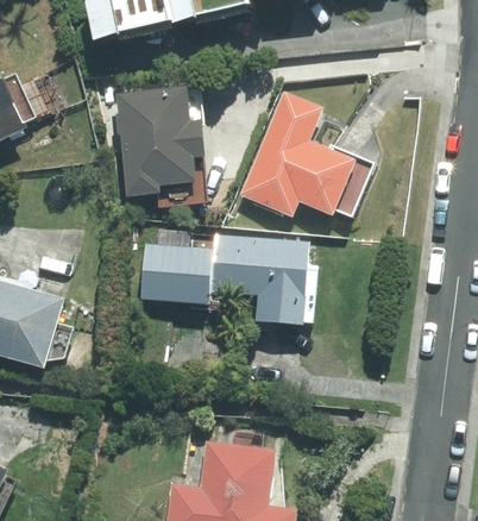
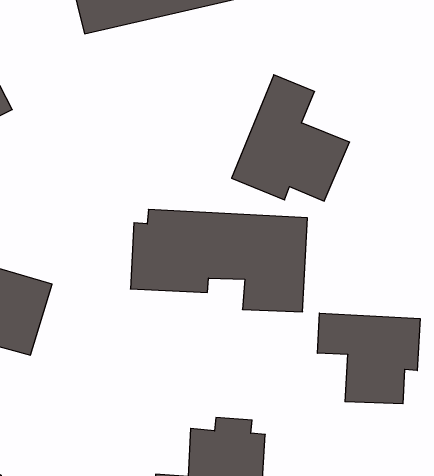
building: [115,86,206,197] -> none
building: none -> [317,313,420,404]

